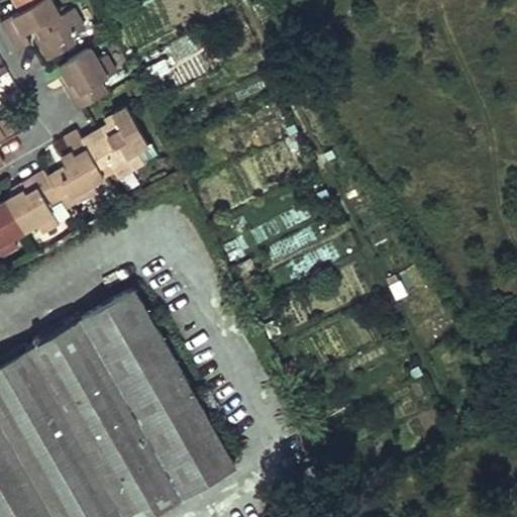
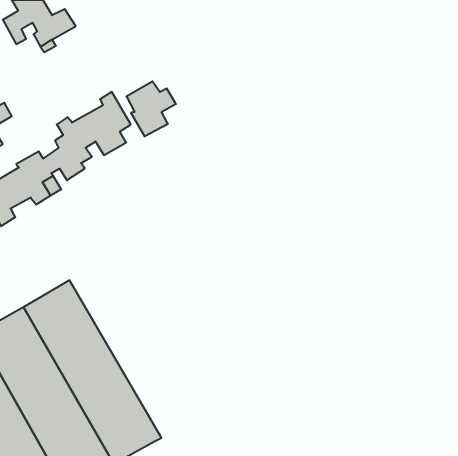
building: [60,53,115,114] -> [126,81,176,136]
building: [78,289,233,496] -> none

